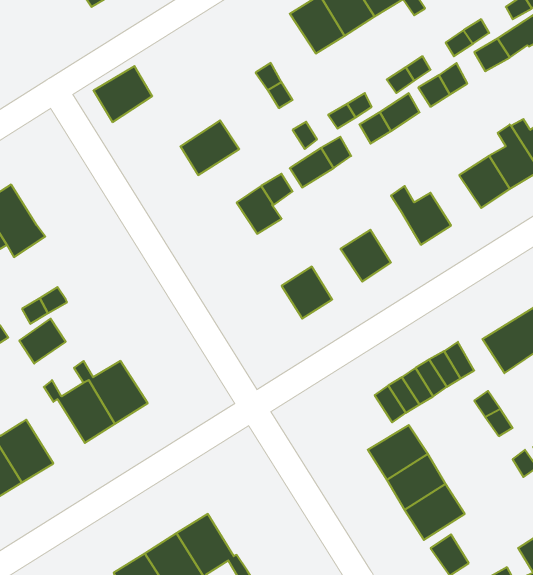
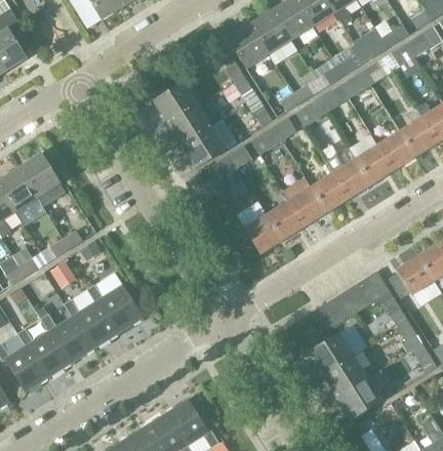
building: none -> [227,25,269,69]
building: [93,66,152,122] -> [153,82,197,124]
building: none -> [180,126,226,168]
building: none -> [355,146,393,183]
building: none -> [310,172,348,211]
building: none -> [266,201,304,239]
building: none -> [41,314,95,362]

